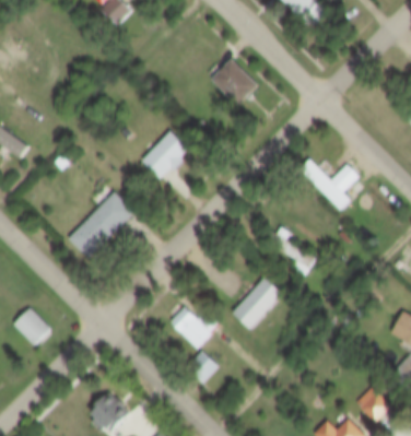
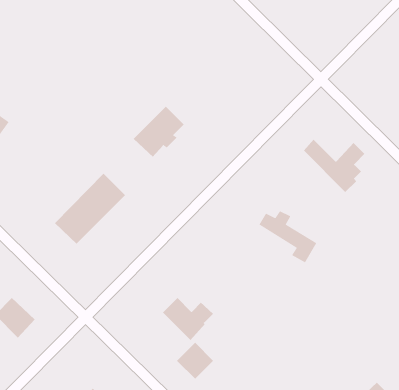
building: [212,60,257,104] -> none
building: [232,278,282,330] -> none

